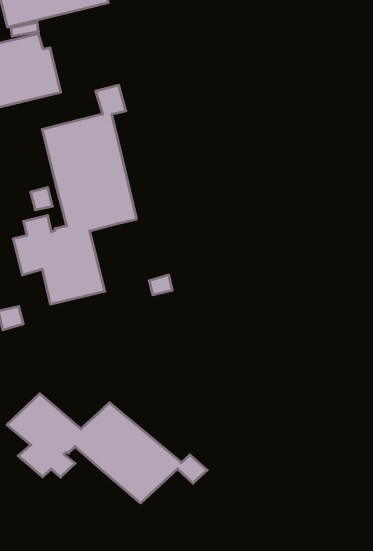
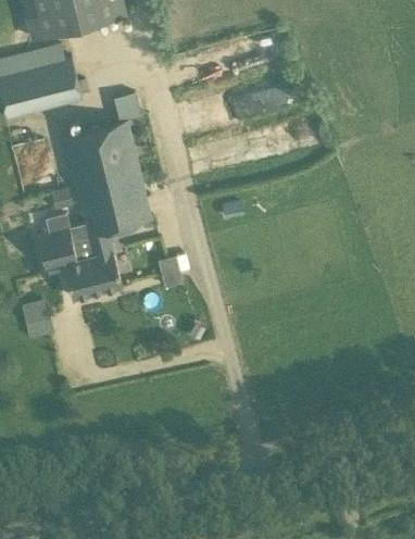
building: [7,394,207,503] -> none

